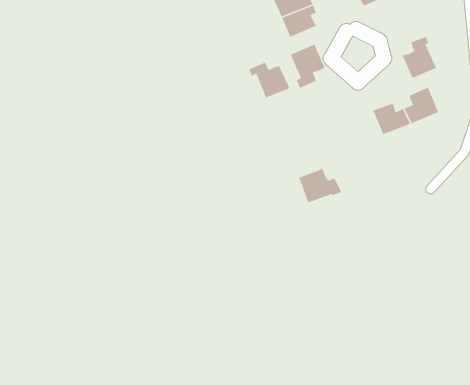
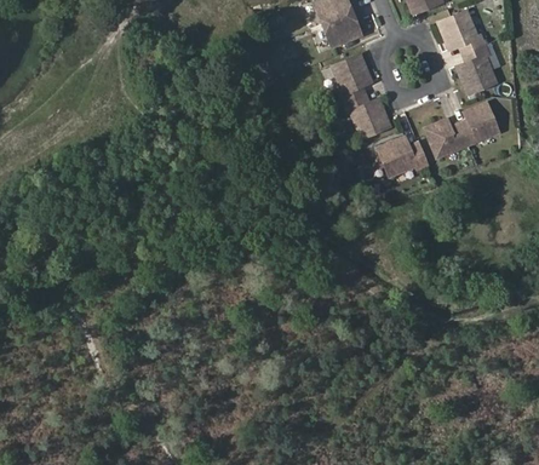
building: none -> [438,10,484,52]
building: [248,62,290,98] -> [343,96,390,137]
building: [298,168,342,203] -> [377,136,426,176]

